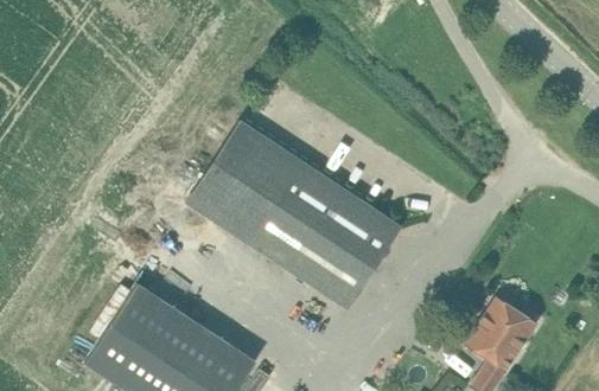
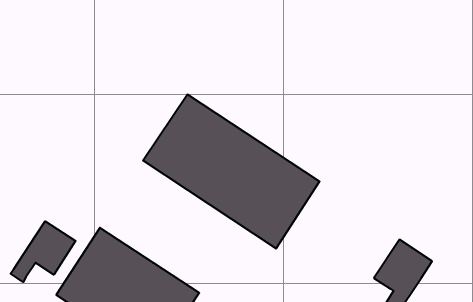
building: none -> [11,221,76,282]

